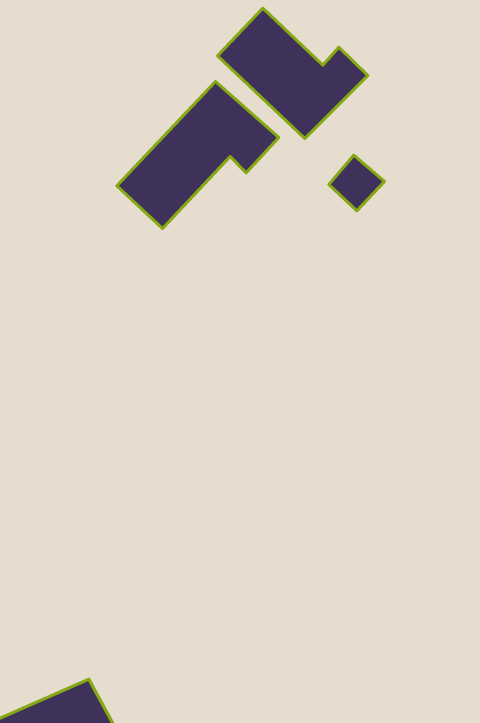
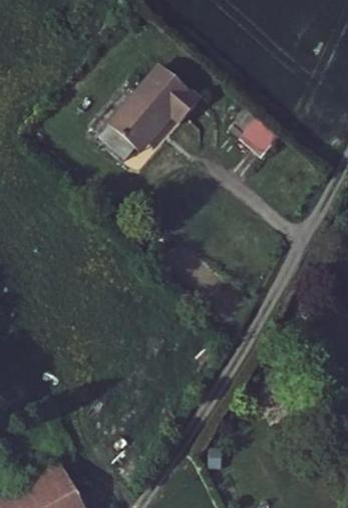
building: [217,8,368,138] -> none

